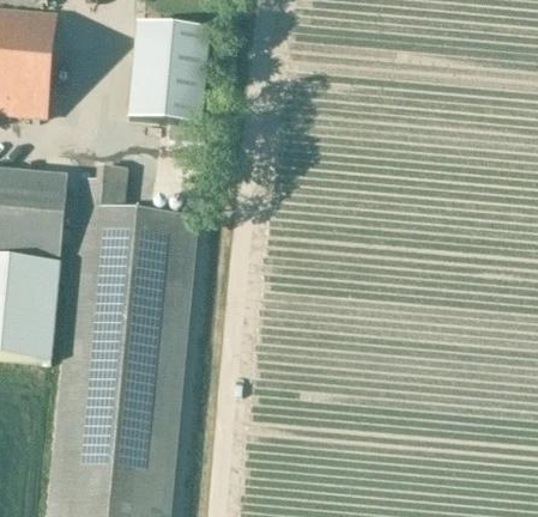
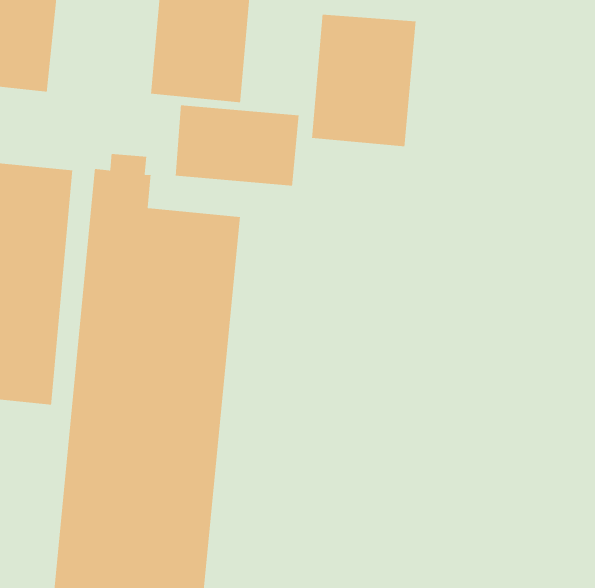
building: none -> [311,14,416,147]
building: none -> [175,104,299,187]

